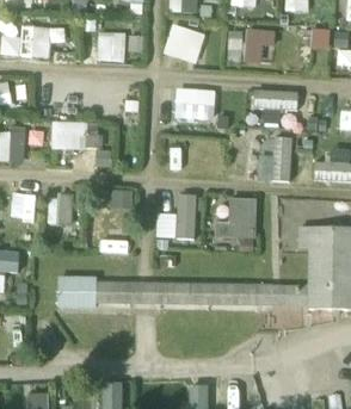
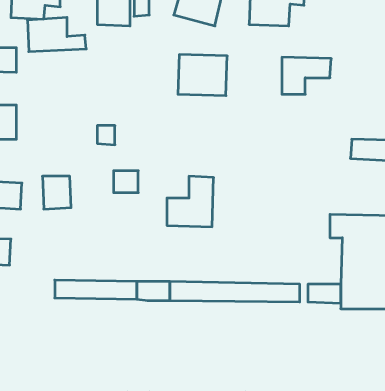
building: [51,120,103,150] -> [27,17,86,52]
building: [272,137,292,180] -> none
building: [214,197,258,238] -> none

